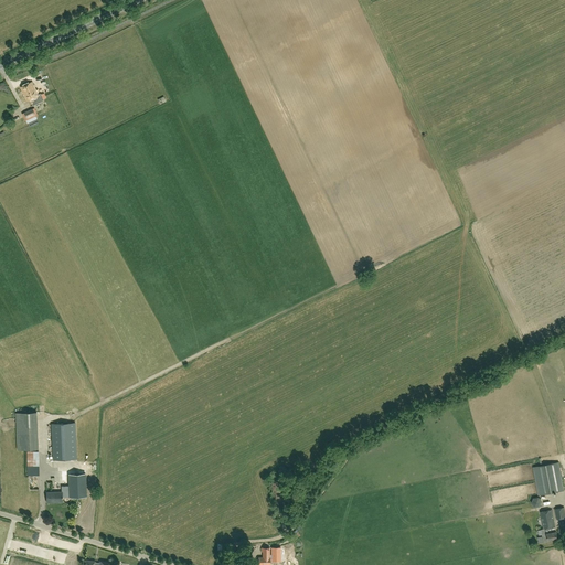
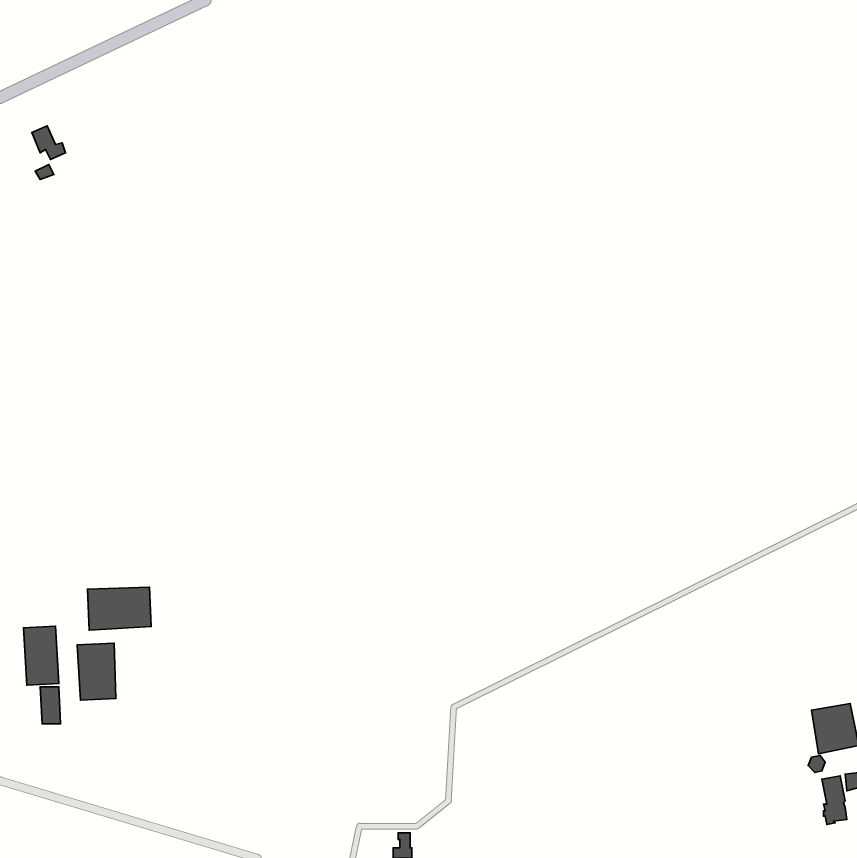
building: none -> [87,587,151,630]
building: [47,475,79,502] -> none

